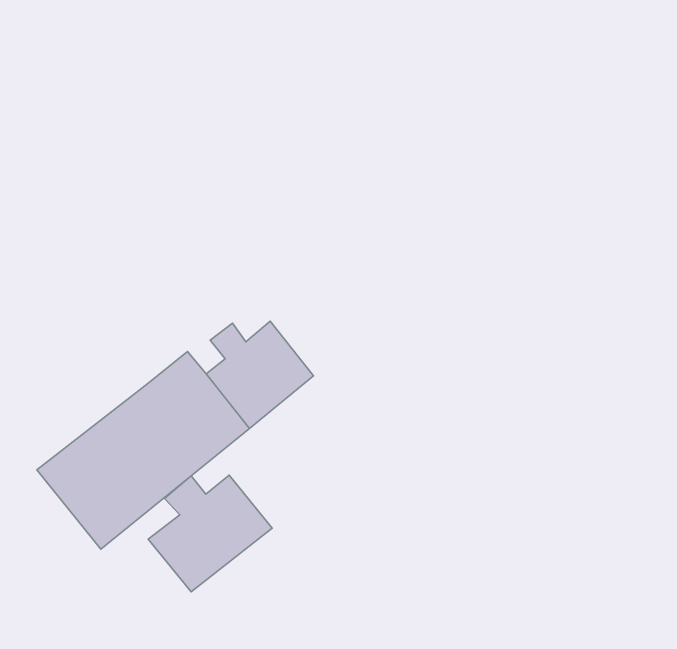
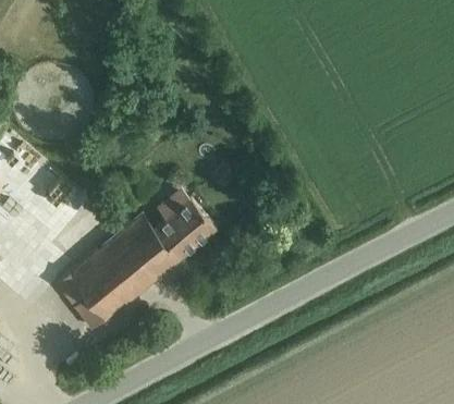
building: [148,475,272,592] -> none

